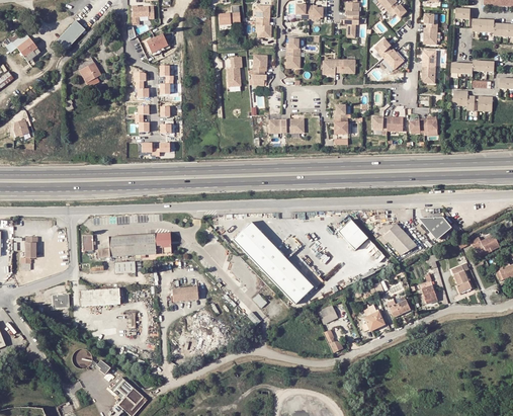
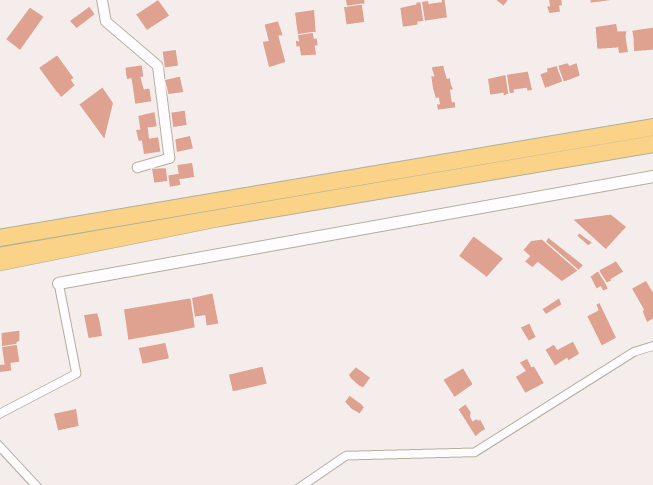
building: none -> [79,86,113,140]
building: [266,117,301,132] -> none
building: [233,223,314,305] -> none
building: [81,287,120,306] -> none

